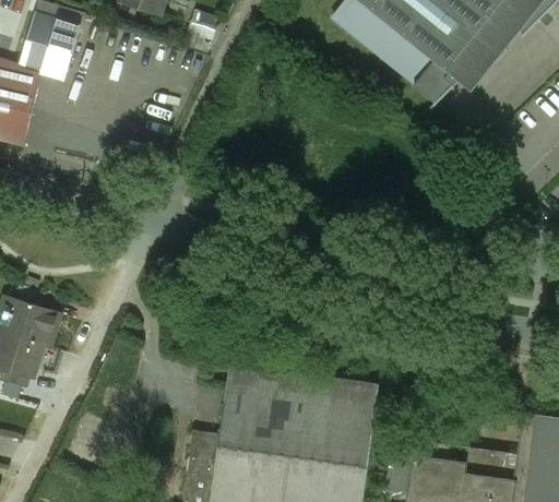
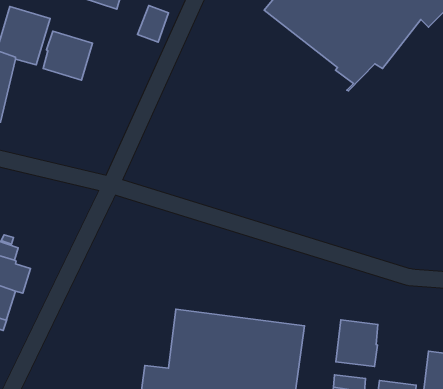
building: none -> [43,31,93,80]
building: none -> [336,320,378,366]

